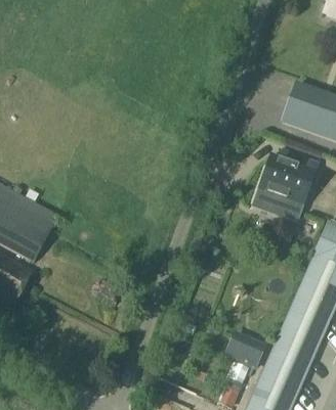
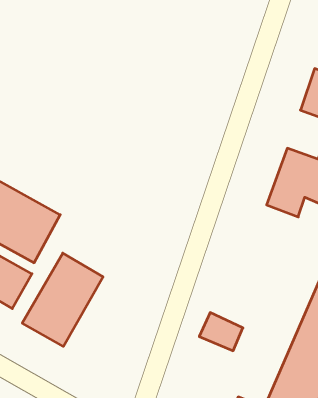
building: none -> [22,253,103,346]
building: [225,331,266,367] -> [199,313,243,351]

